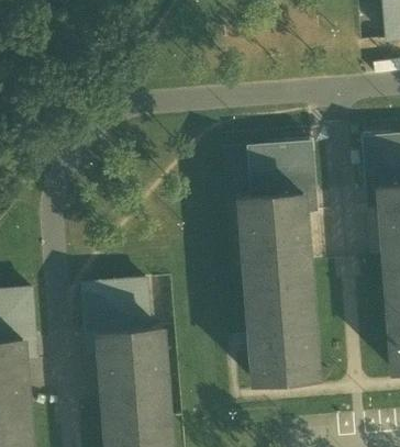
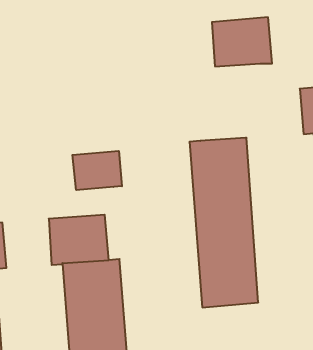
building: [248,142,315,197] -> [212,17,272,66]
building: none -> [72,151,122,190]

